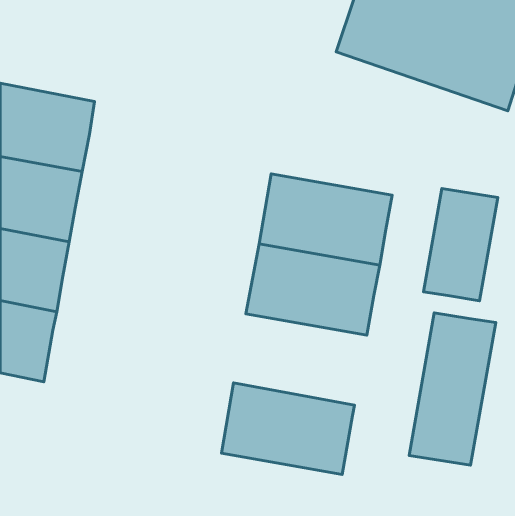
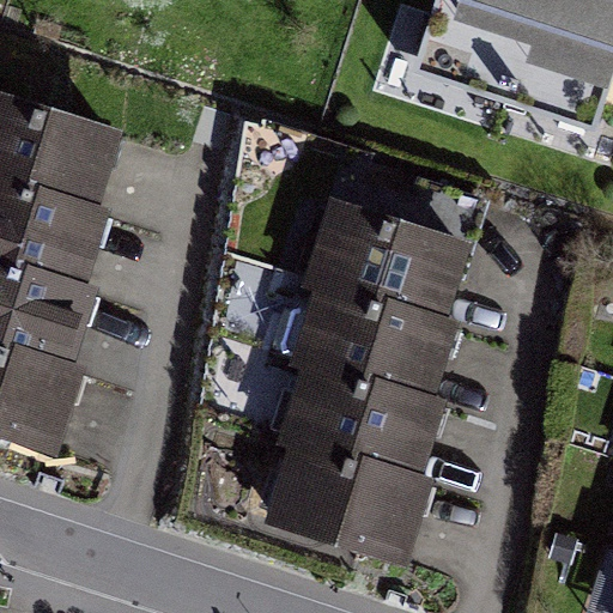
building: [423,188,498,301] -> none
building: [409,313,496,465] -> none
building: none -> [280,370,437,478]

